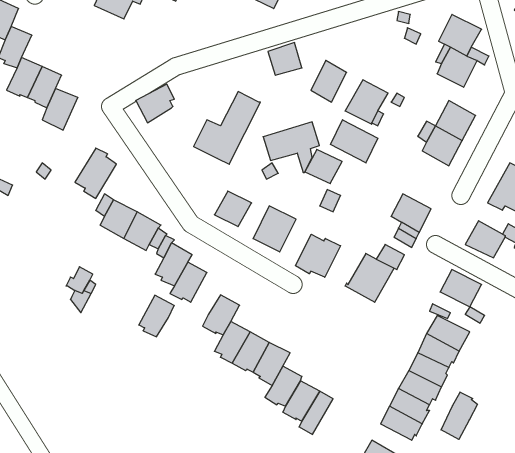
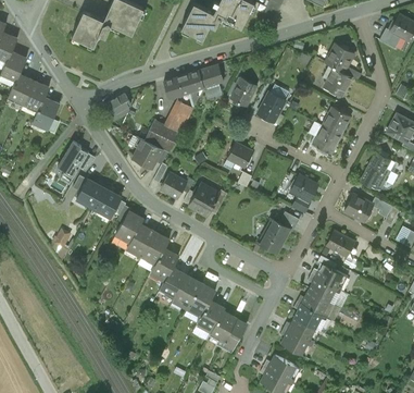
building: [331,120,378,163] -> none
building: [263,122,319,172] -> [163,70,204,107]
building: none -> [129,135,162,168]
building: [295,234,341,277] -> none
building: [139,295,174,337] -> [142,232,168,262]
building: [441,392,477,439] -> none

